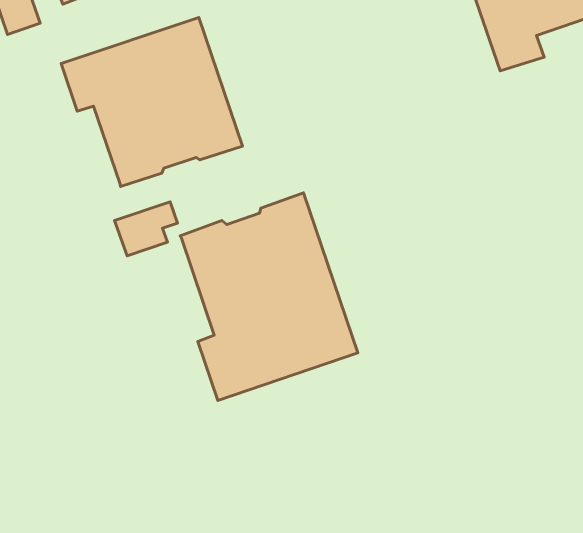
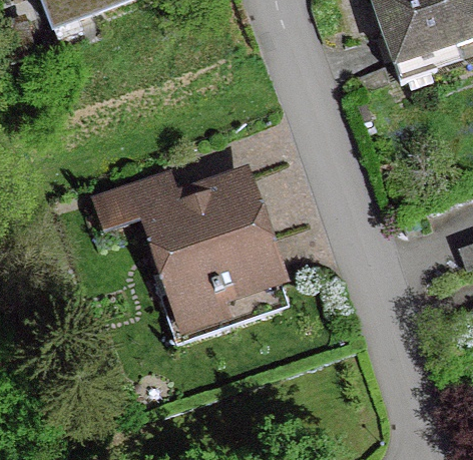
building: [61,17,242,186] -> none

